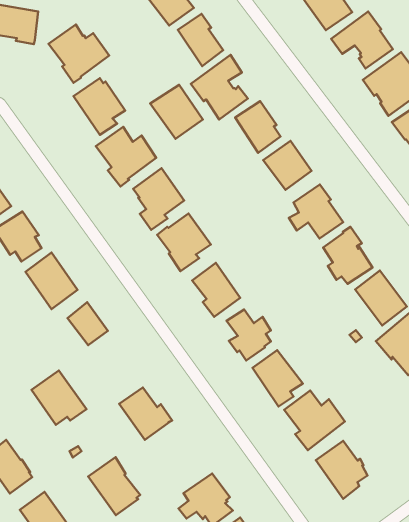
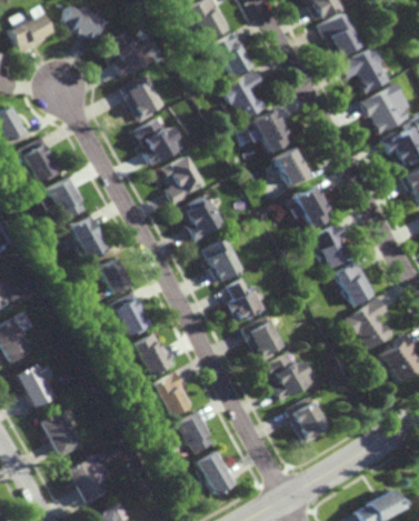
building: [150,85,203,139] -> none
building: [32,371,86,425] -> [109,292,152,337]
building: [88,457,140,515] -> [152,371,193,419]

